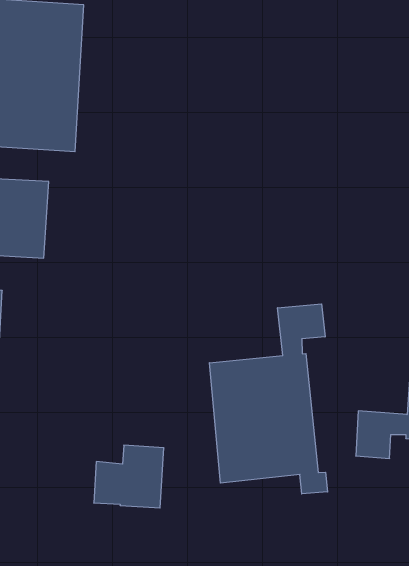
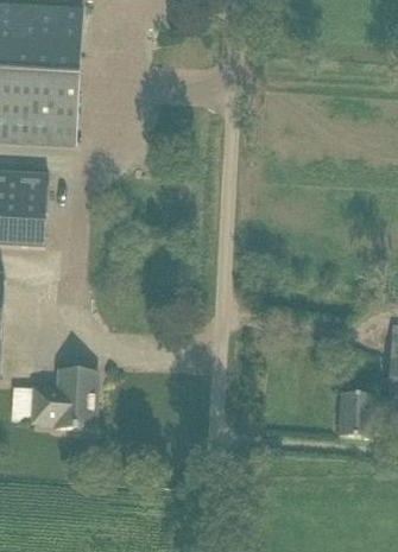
building: [209,304,328,494] -> none
building: [94,445,164,508] -> [30,368,96,427]

